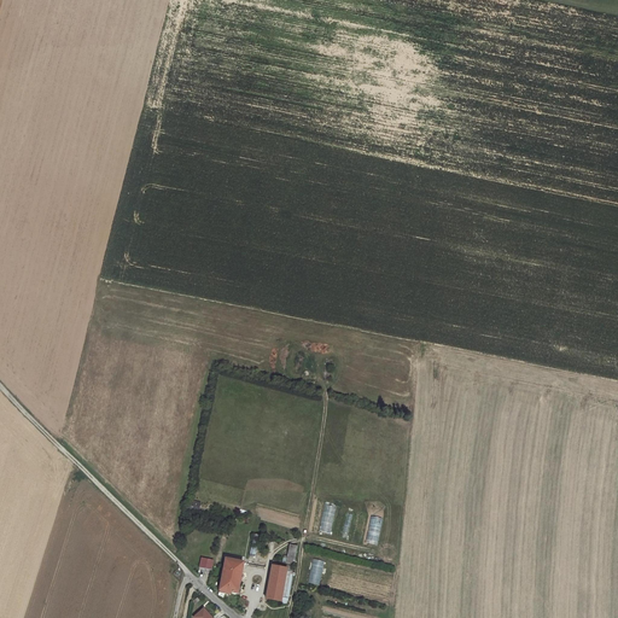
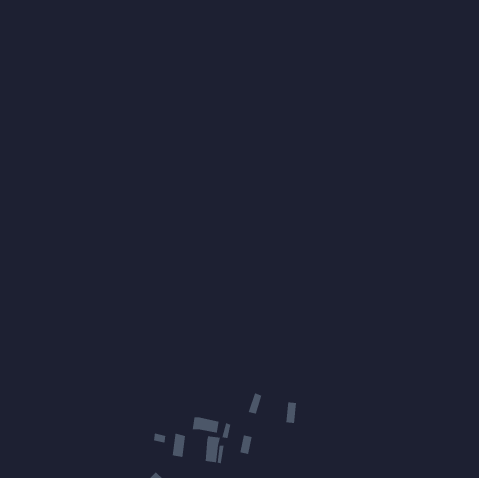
building: none -> [192,416,219,433]

